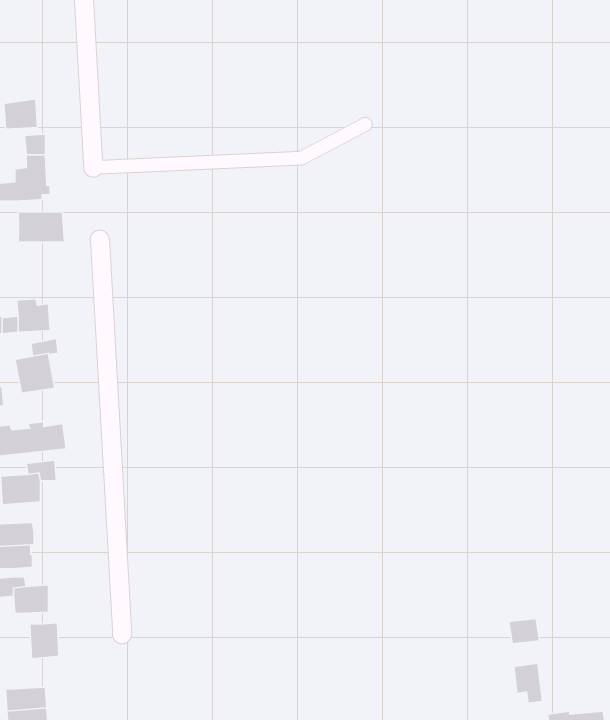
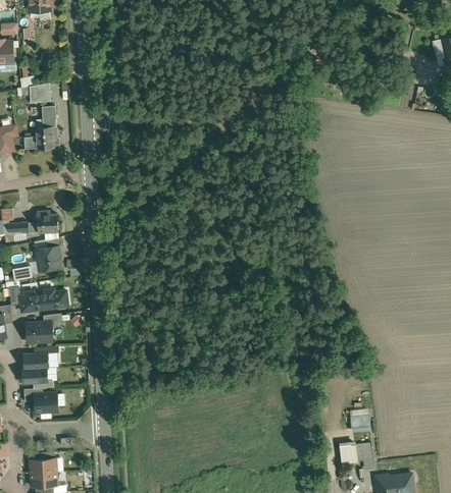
building: [18,212,64,242] -> none
building: [30,623,59,659] -> none

